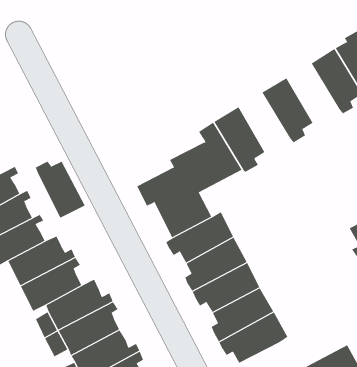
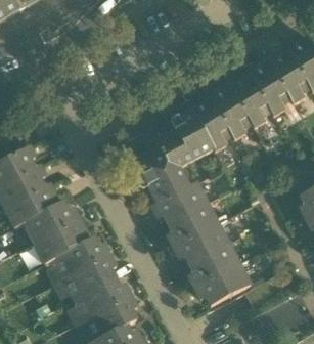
building: none -> [251,60,293,117]
building: none -> [212,85,253,139]
building: [35,161,85,219] -> none

